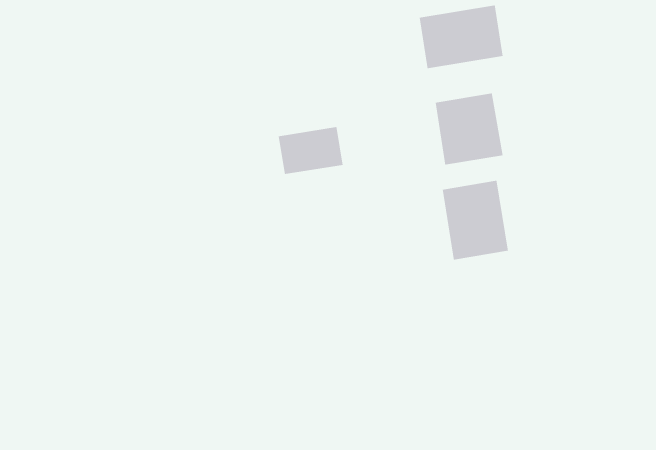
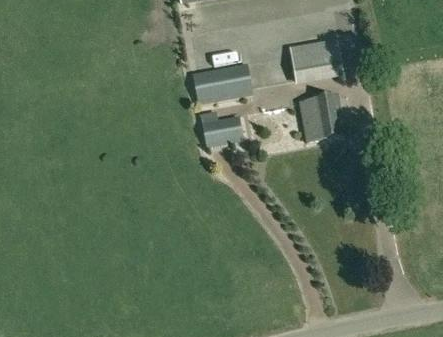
building: none -> [194,59,253,102]
building: [442,180,508,261] -> none

